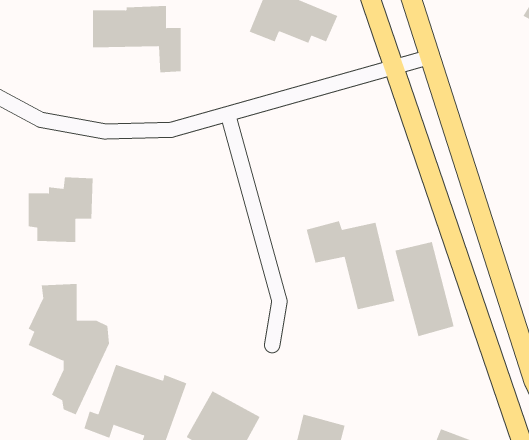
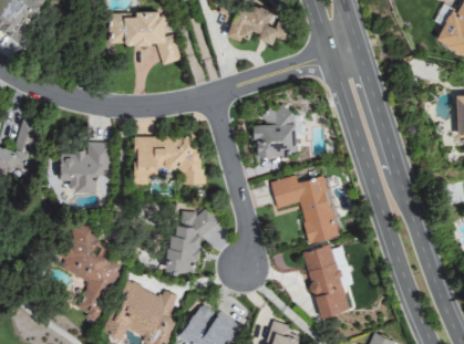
building: none -> [255,107,297,156]
building: none -> [133,137,199,185]
building: [394,242,454,337] -> [302,246,348,317]
building: none -> [167,211,216,272]

